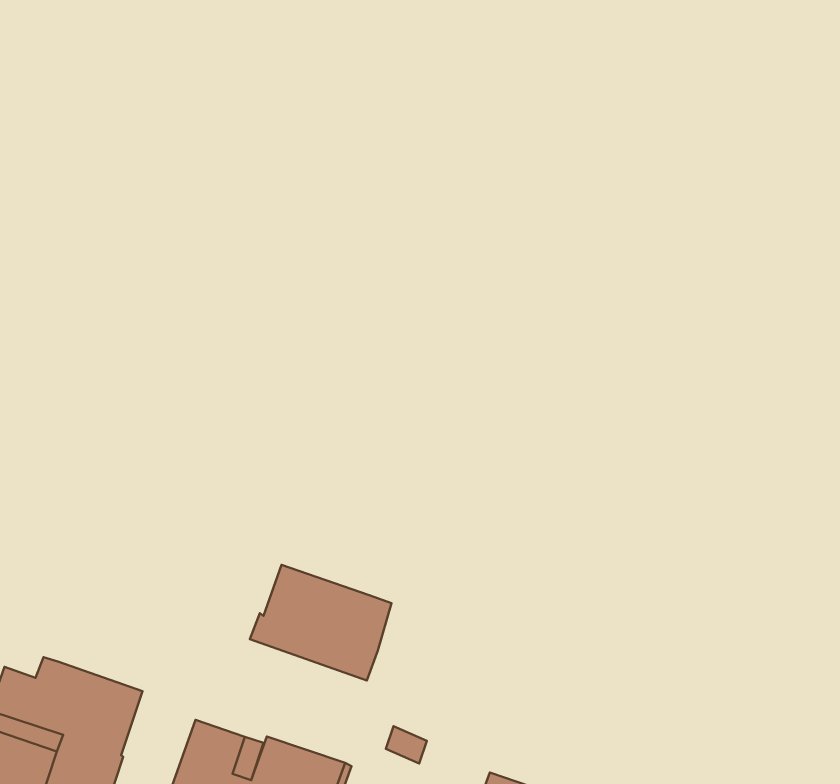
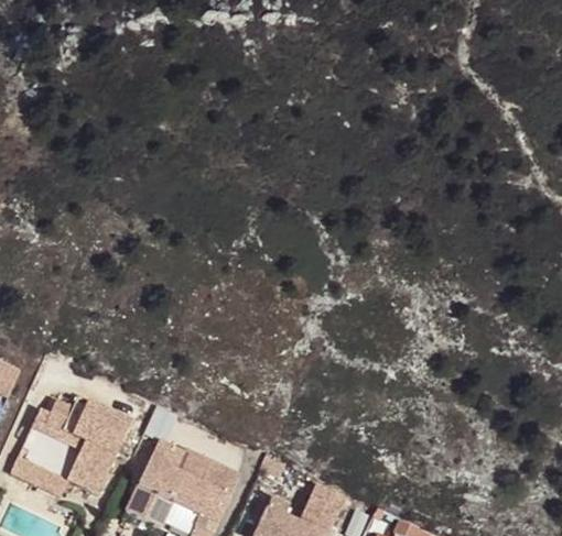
building: [250,565,392,680] -> none

